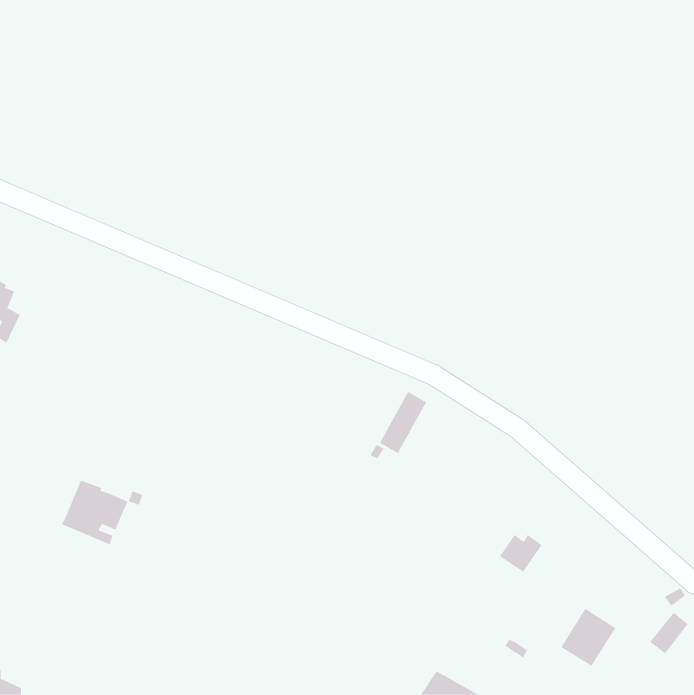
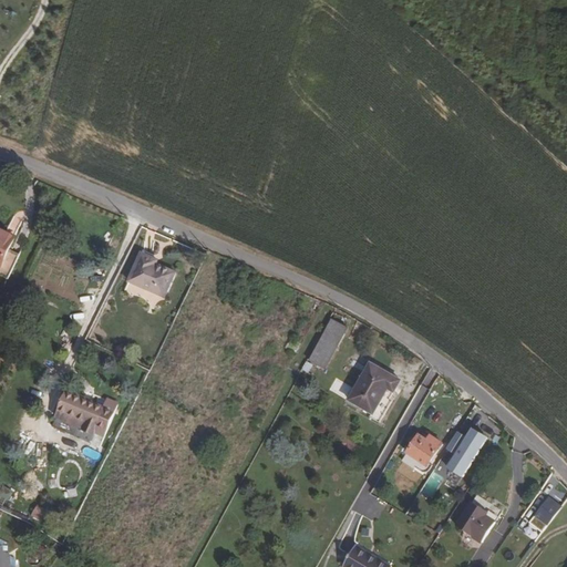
building: none -> [127,252,174,296]
building: none -> [348,362,400,422]
building: none -> [443,431,484,480]

